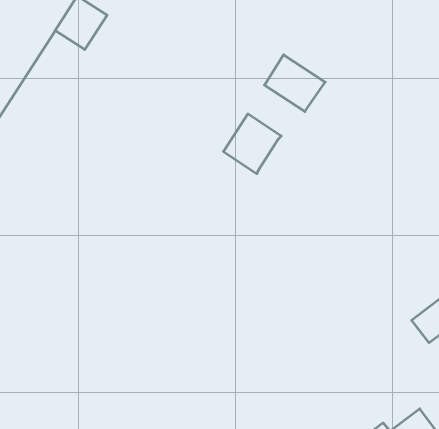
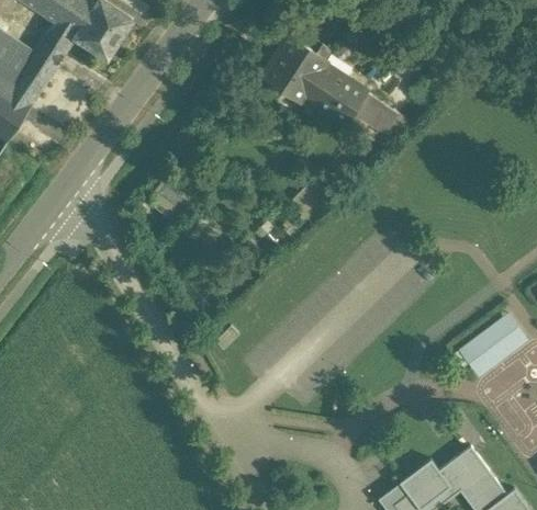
building: none -> [344,92,396,134]
building: [223,114,281,174] -> [261,35,324,100]

